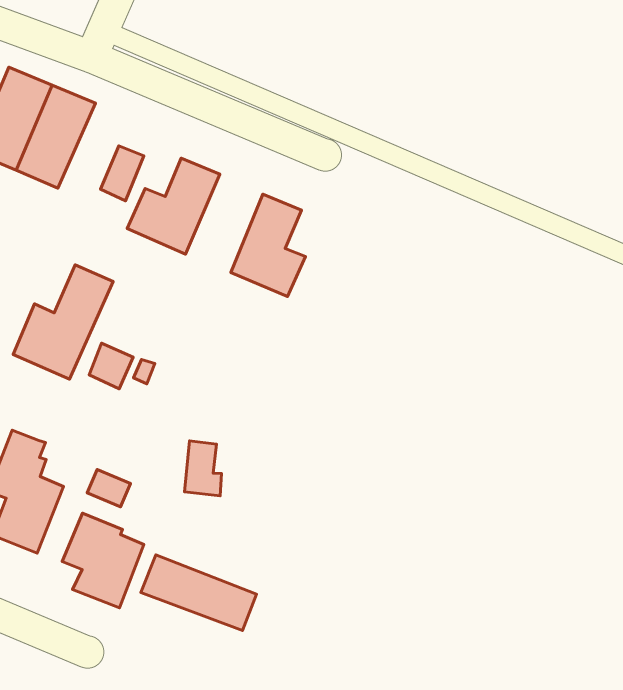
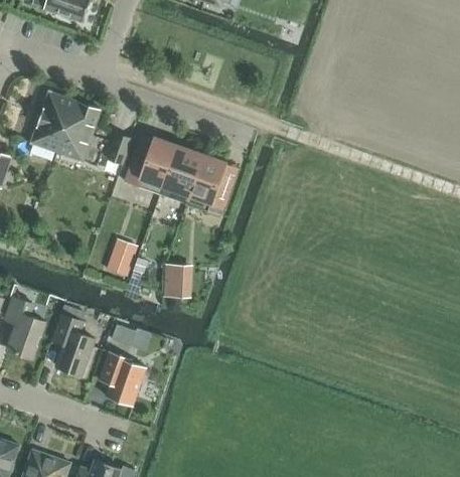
building: none -> [159,147,202,204]
building: [13,265,113,379] -> none
building: [185,441,222,496] -> [165,266,186,297]
building: [141,555,256,631] -> none

